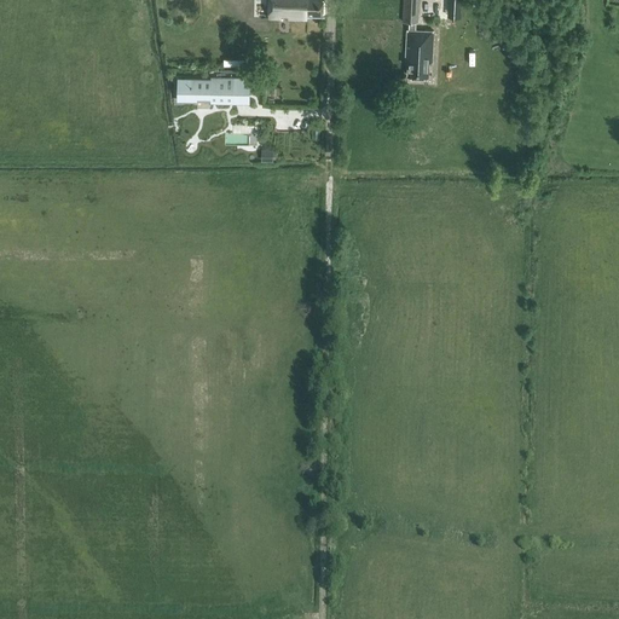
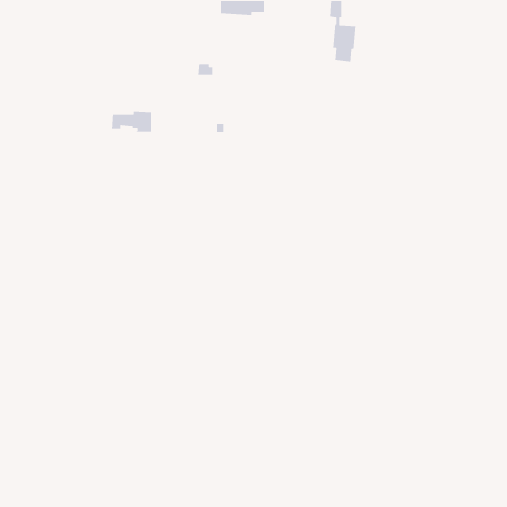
building: [185,76,235,103] -> [111,111,152,133]

